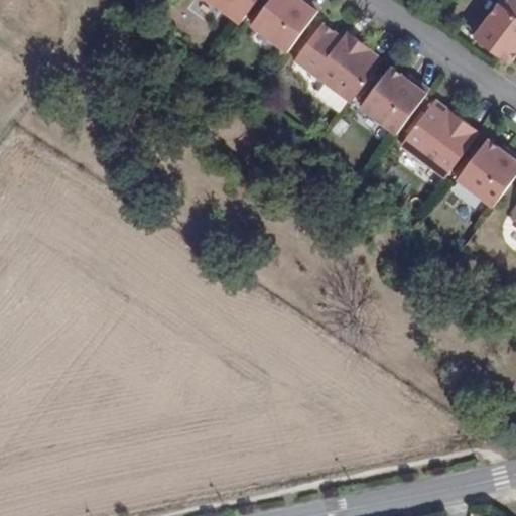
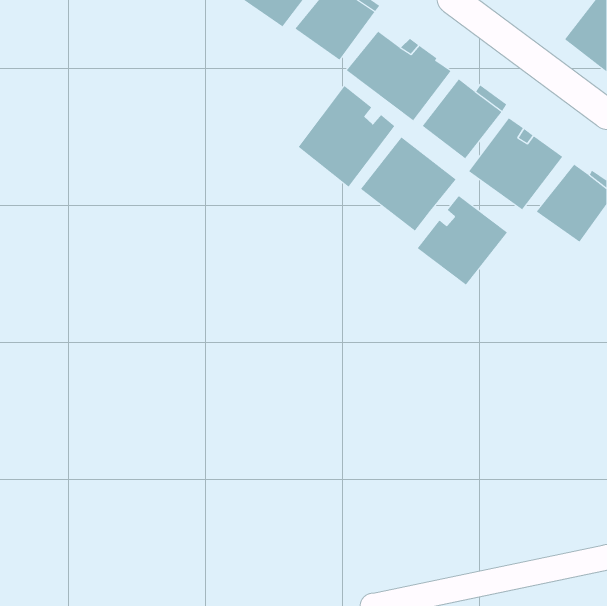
building: none -> [298,85,395,188]
building: none -> [360,137,456,232]
building: none -> [417,195,508,286]

